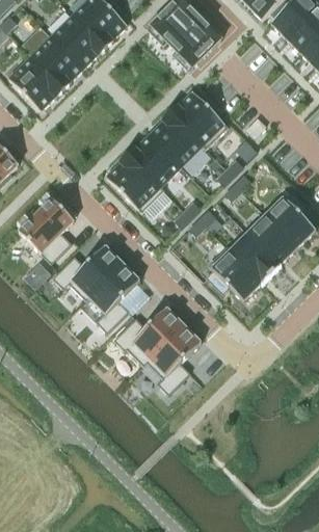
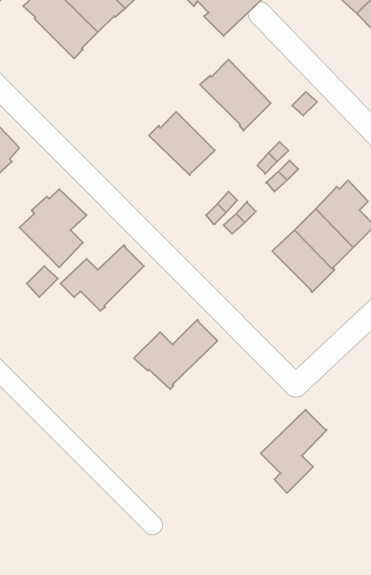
building: [9,55,64,109] -> none
building: [150,110,203,165] -> none
building: [107,153,165,211] -> none
building: [206,245,262,300] -> none
building: [89,262,140,331] -> none
building: [147,324,202,394] -> [261,410,327,493]

